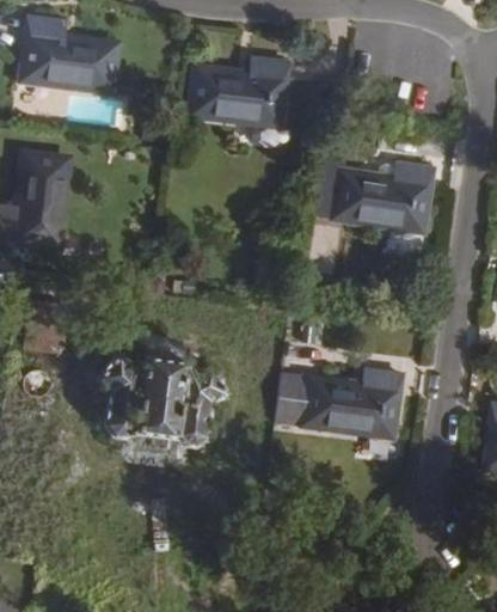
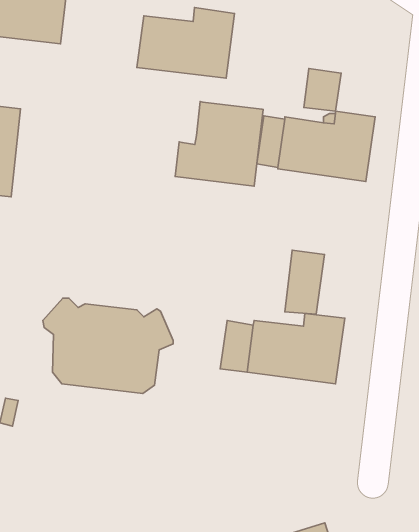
building: none -> [304,69,341,111]
building: none -> [175,102,263,186]
building: none -> [285,250,324,314]

